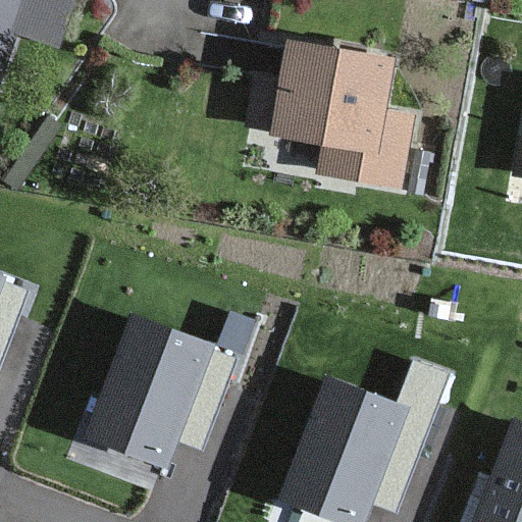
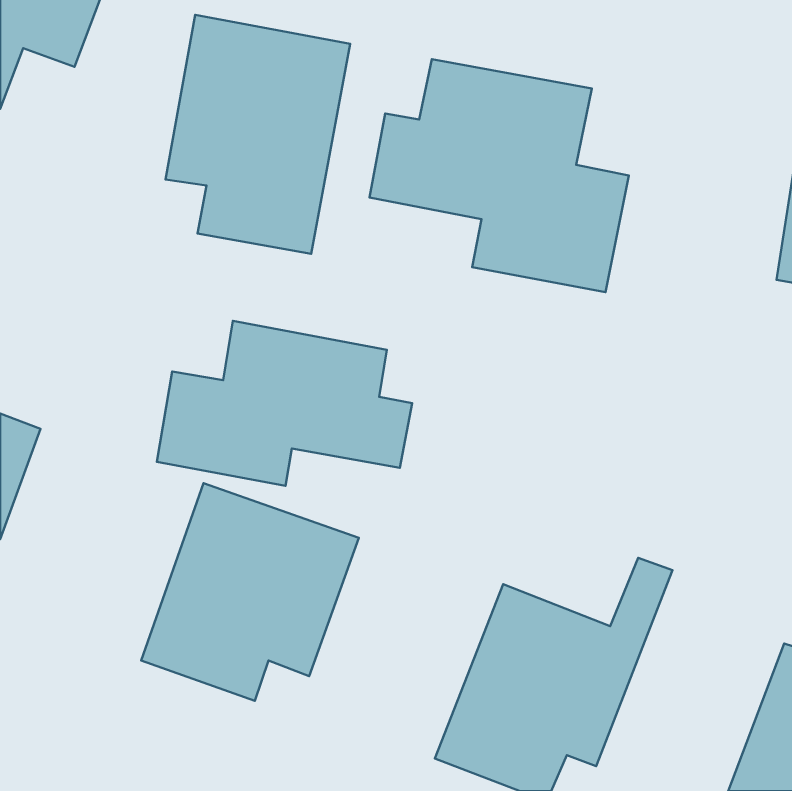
building: none -> [165,15,350,254]
building: none -> [157,321,412,486]

